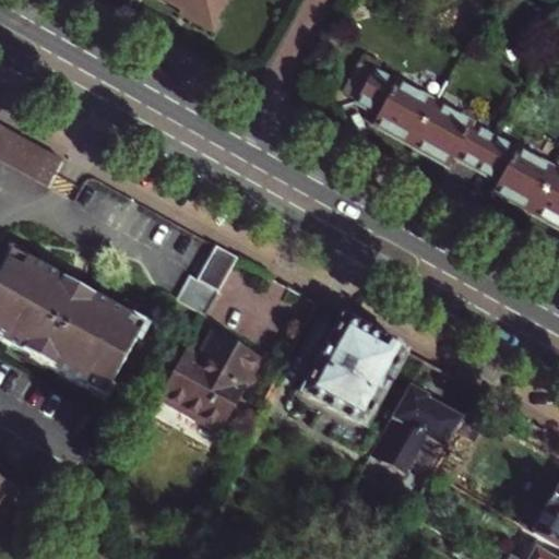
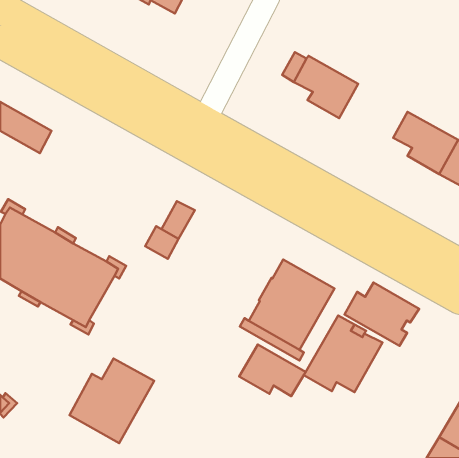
building: [413,102,496,167] -> none
building: [159,326,262,429] -> [69,358,154,443]
building: none -> [344,283,419,346]
building: none -> [239,344,306,396]

